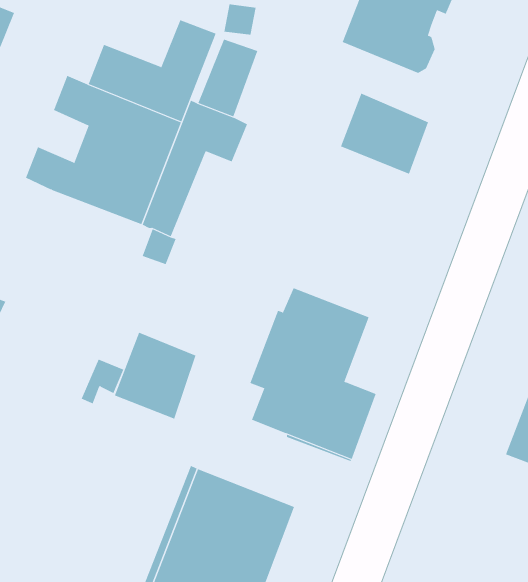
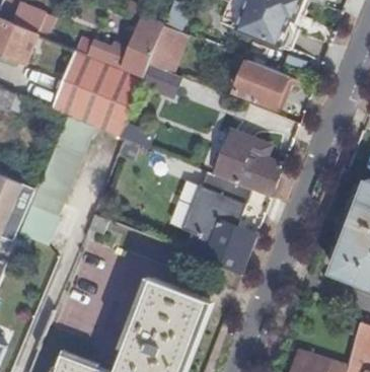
building: none -> [205,131,283,198]
building: [114,332,196,419] -> none

